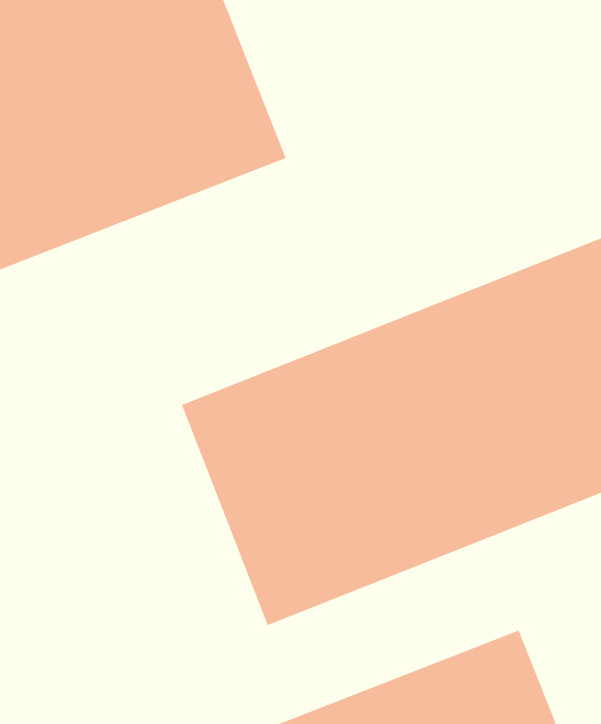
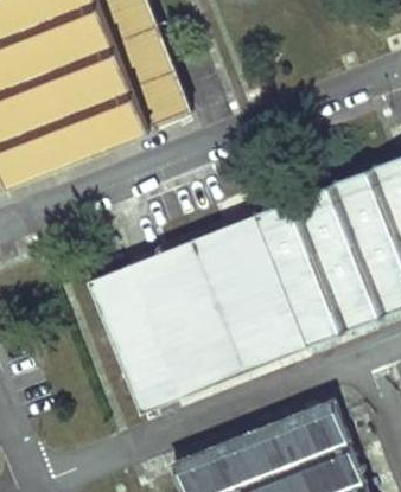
building: none -> [88,264,179,414]

